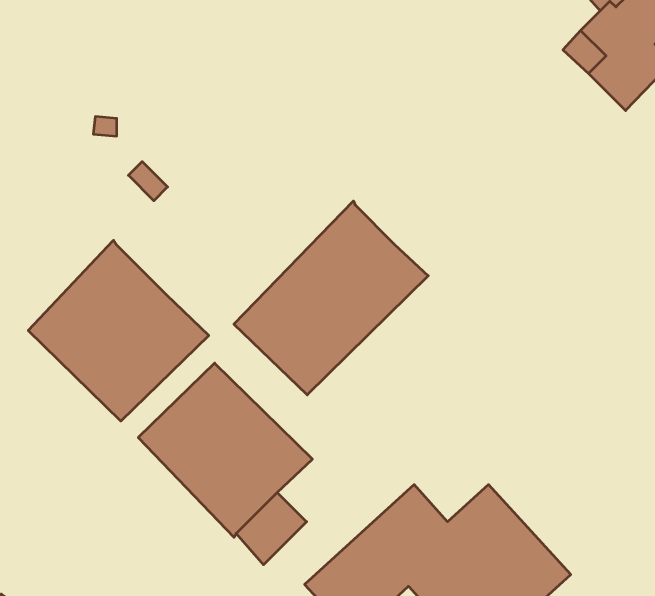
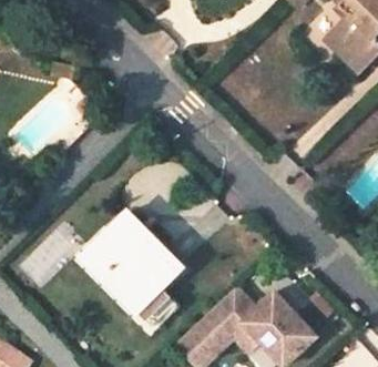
building: [234,201,428,395] -> none
building: [28,240,209,421] -> none

